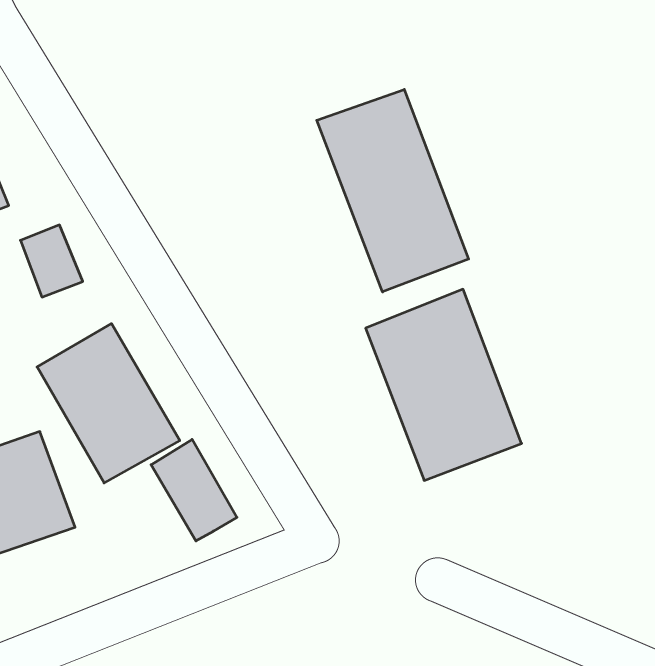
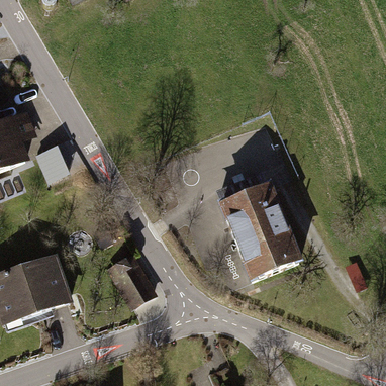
building: [317,89,469,292] -> none
building: [37,324,180,483] -> none

